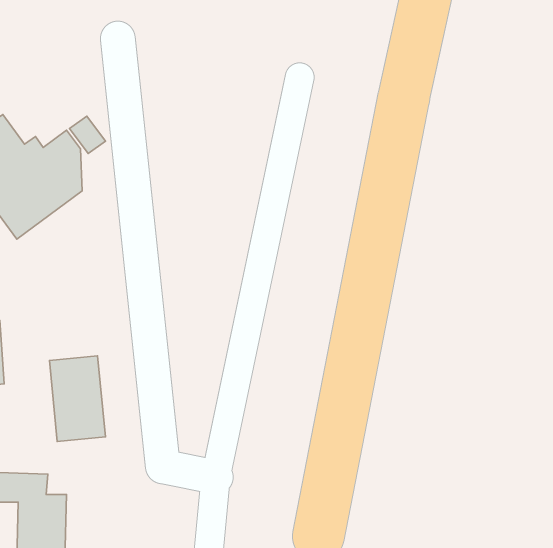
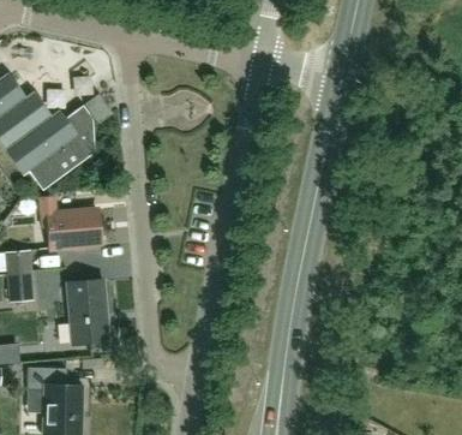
building: none -> [42,195,102,248]

